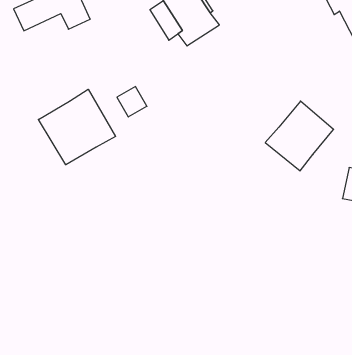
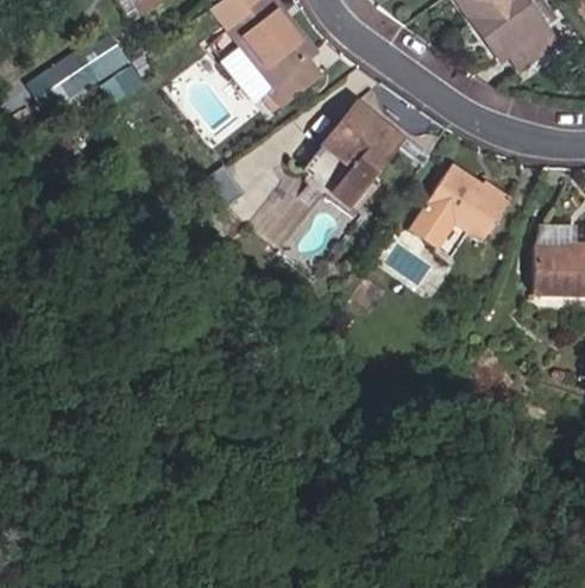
building: none -> [292,95,403,215]
building: [38,89,116,165] -> none

